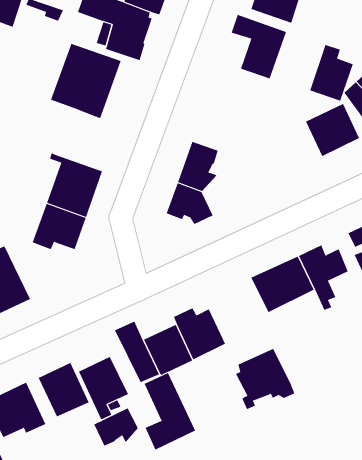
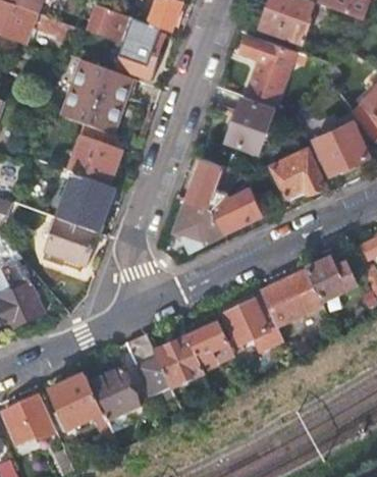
building: [309,44,354,102] -> none
building: none -> [227,95,274,149]
building: none -> [68,124,122,186]
building: none -> [270,148,324,195]
building: none -> [212,186,263,230]
building: [235,348,295,410] -> [222,291,281,353]
building: [144,372,196,450] -> none
building: [93,407,138,446] -> none

